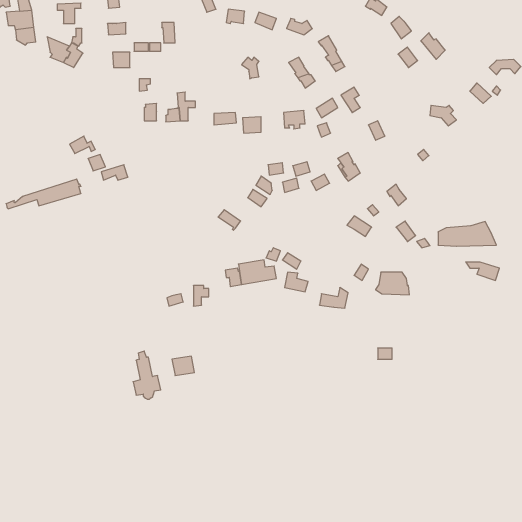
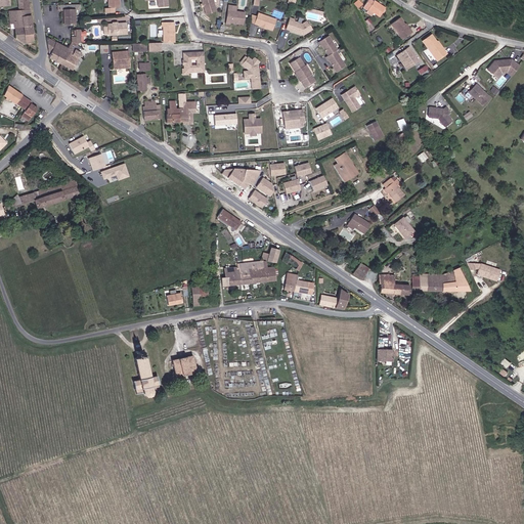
building: none -> [183,51,204,72]
building: none -> [4,85,40,122]
building: none -> [220,168,261,189]
building: [438,222,496,246] -> [411,267,470,292]

